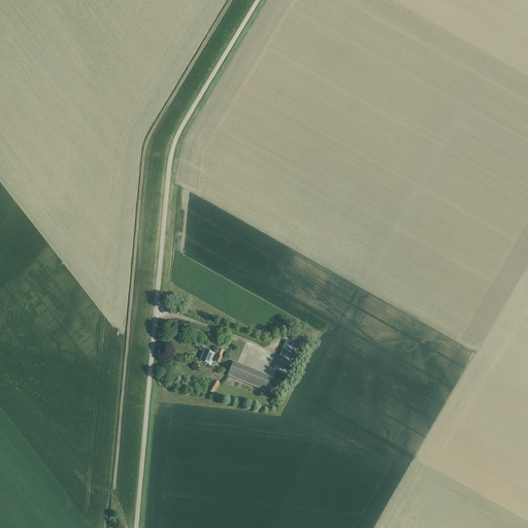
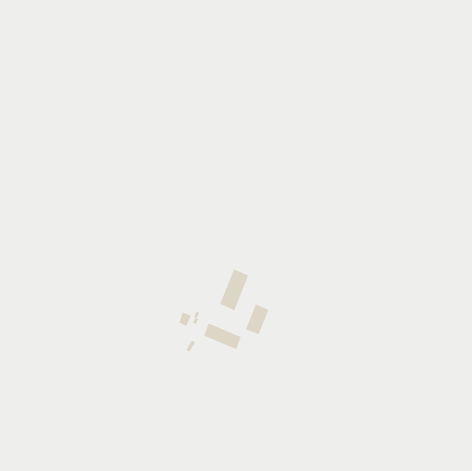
building: none -> [220,268,249,311]

